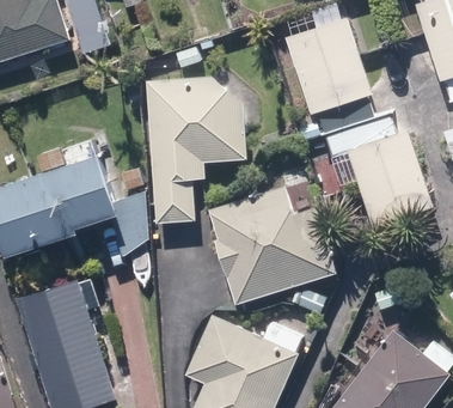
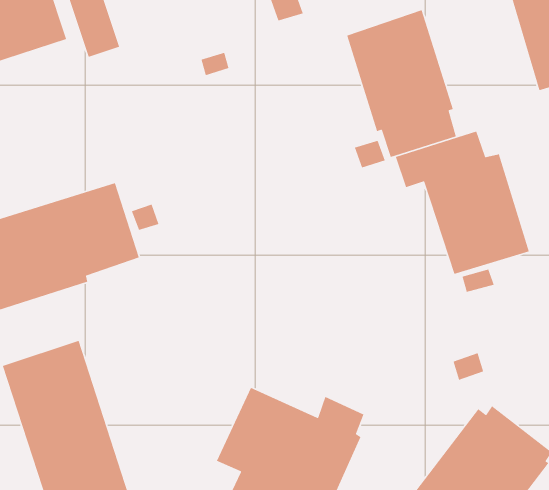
building: [146,77,245,223] -> none
building: [208,185,336,304] -> none

